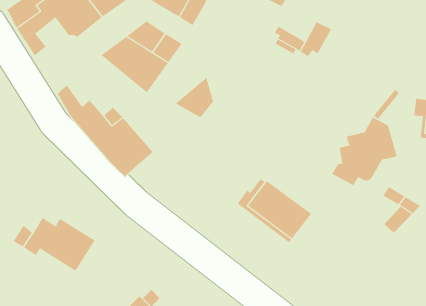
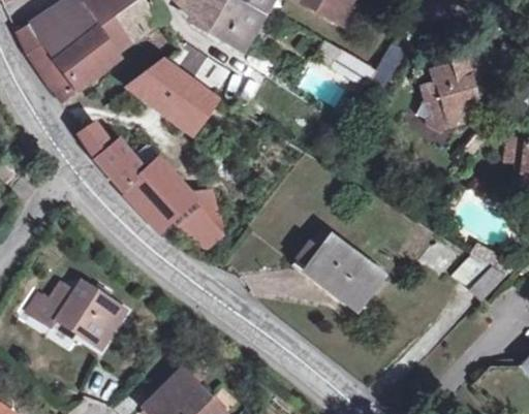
building: none -> [51,41,102,99]
building: [175,77,214,118] -> [175,198,221,248]
building: [331,117,398,186] -> [412,47,492,130]

